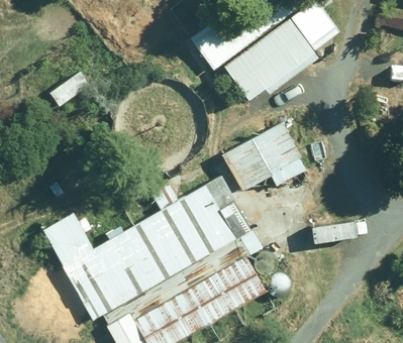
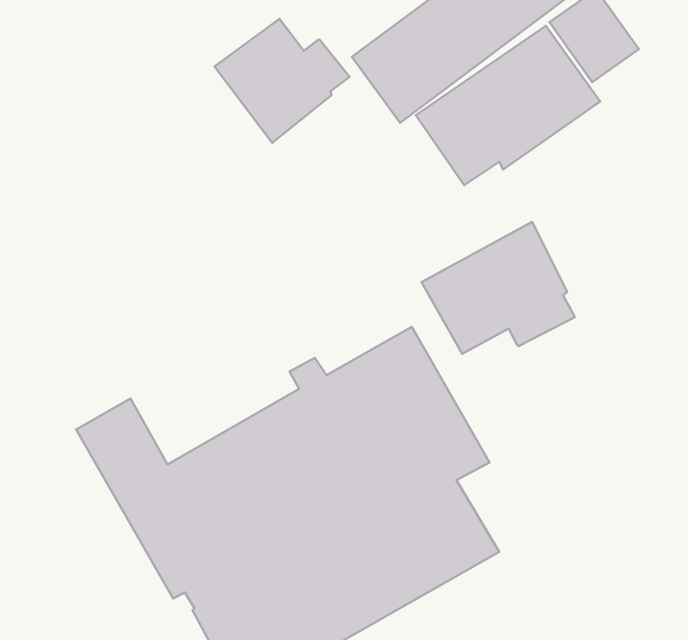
building: none -> [215,19,349,143]

